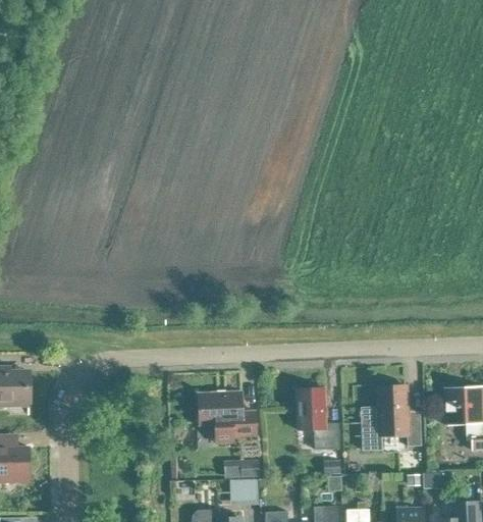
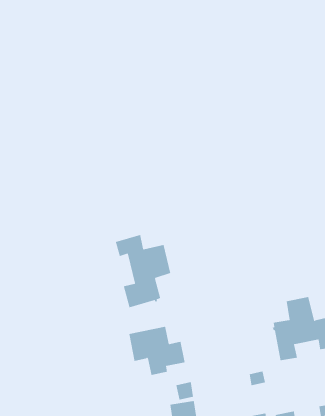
building: none -> [115,234,171,308]
building: [296,387,339,450] -> none

